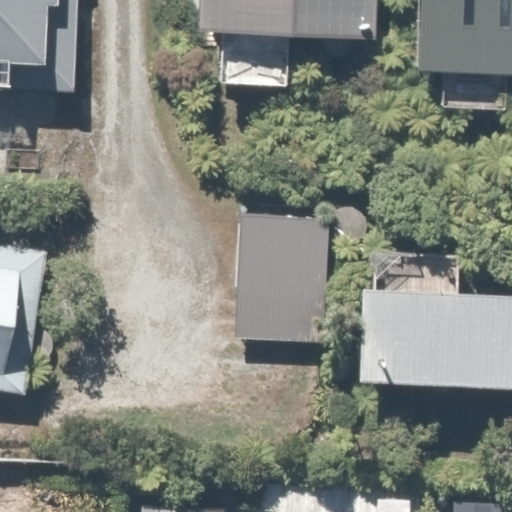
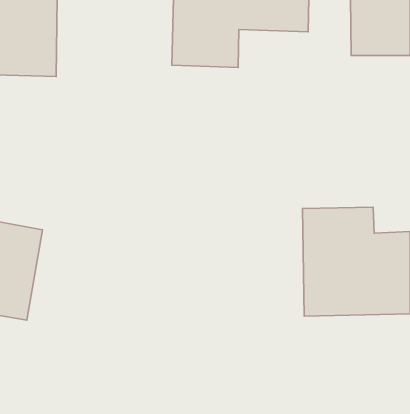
building: [237,211,320,367] -> none

